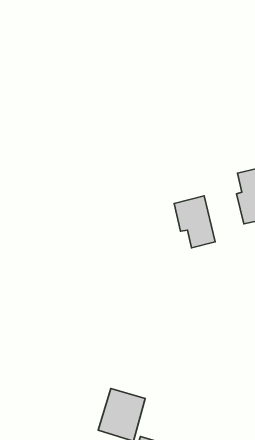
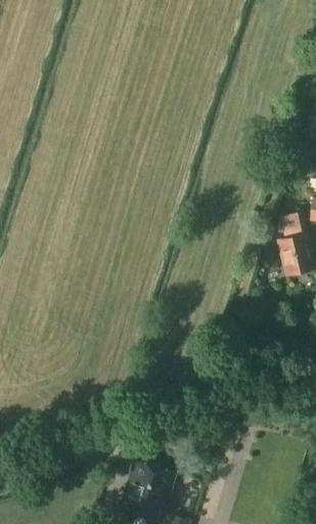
building: [174,196,215,248] -> none

